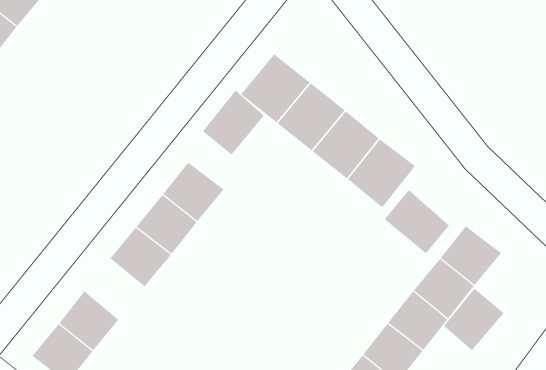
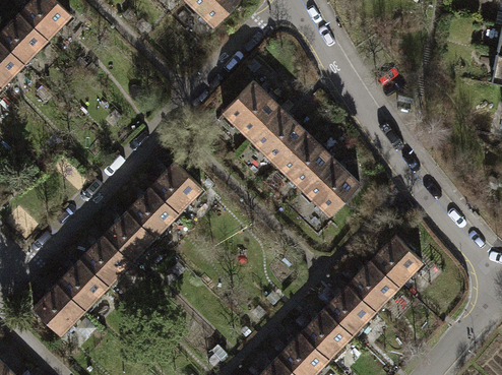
building: [202,90,265,156] -> none
building: [384,189,450,254] -> none
building: none -> [80,235,130,286]
building: [443,288,505,351] -> none

